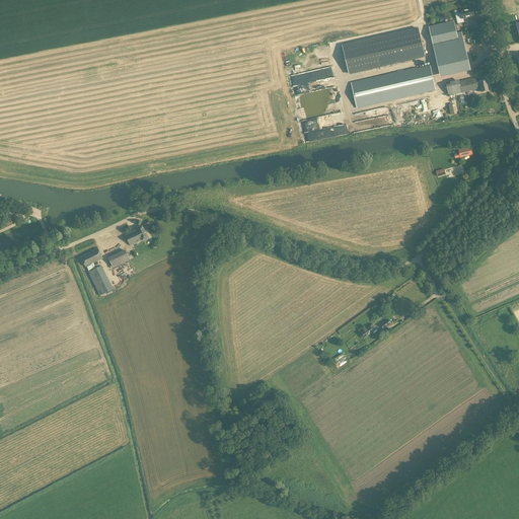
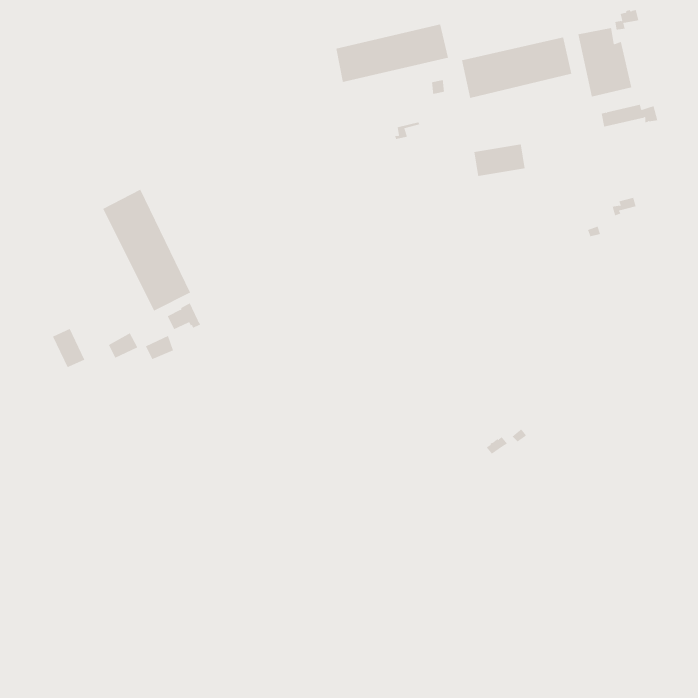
building: [351,64,435,107] -> [335,24,449,83]
building: none -> [102,189,191,311]
building: [87,265,112,294] -> [52,328,85,368]

